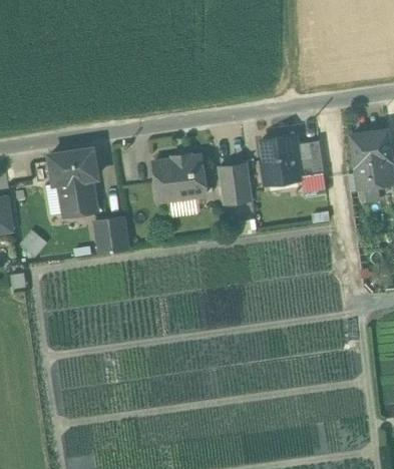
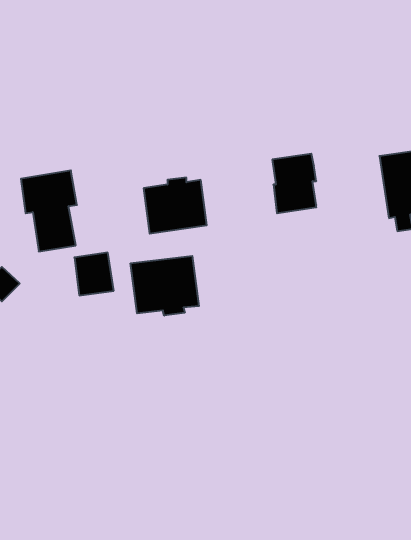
building: [296,140,324,177] -> none
building: [219,163,252,203] -> none
building: none -> [131,256,199,316]

